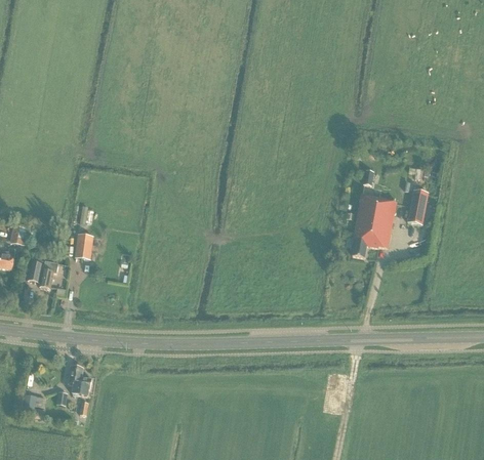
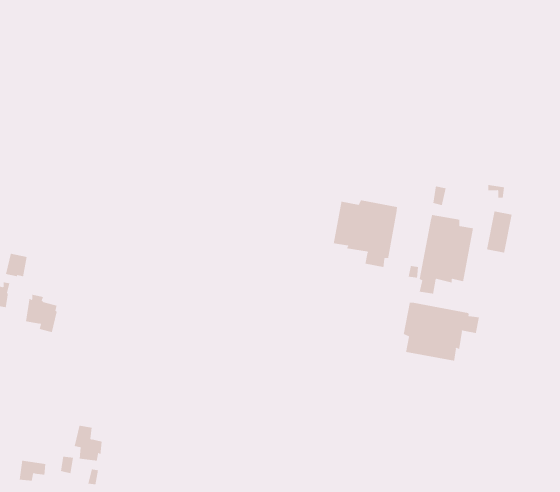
building: none -> [333,200,398,268]
building: [75,234,93,259] -> none
building: none -> [403,302,479,362]

